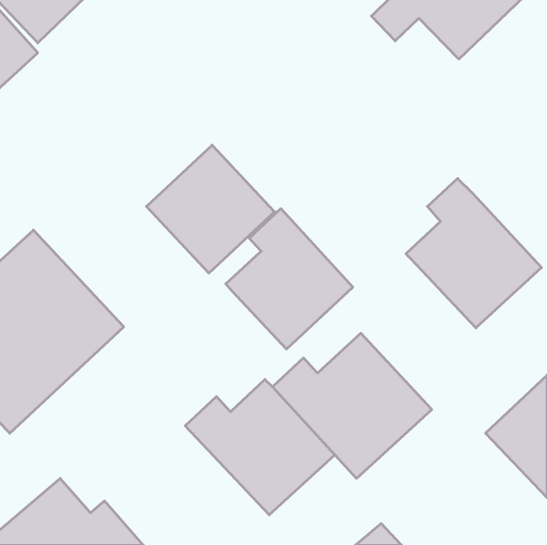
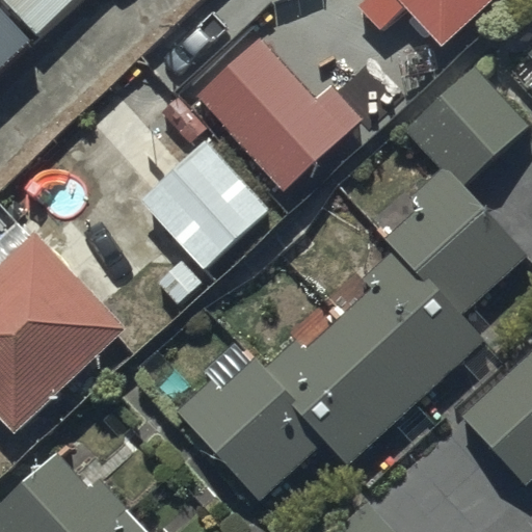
building: none -> [193,34,358,188]
building: none -> [405,71,523,187]
building: [226,209,353,349] -> none
building: none -> [348,250,479,396]

